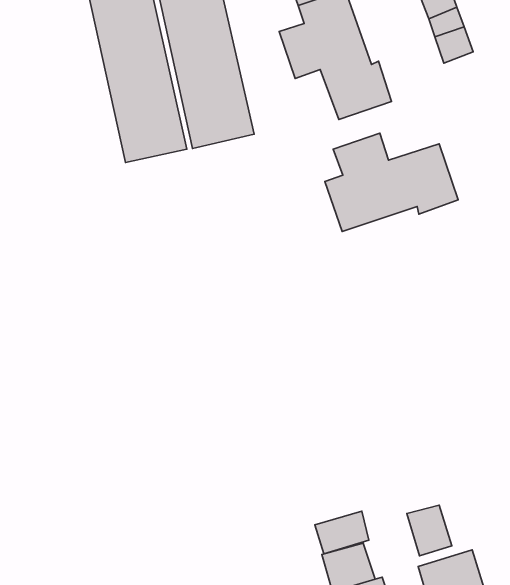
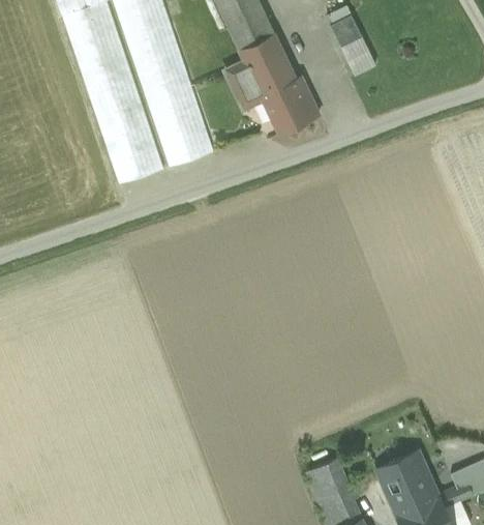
building: [325,133,458,231] -> none
building: [407,505,452,556] -> none
building: [315,511,369,554] -> none

